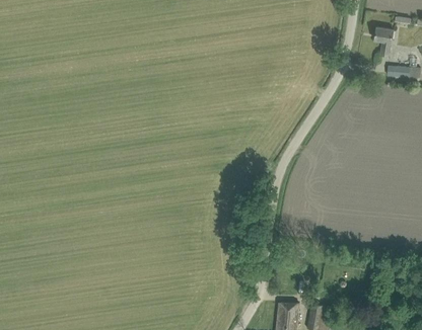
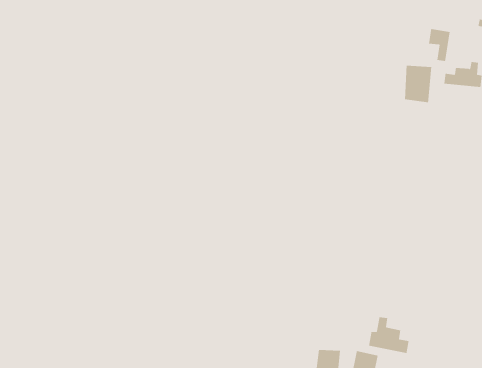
building: none -> [404,65,432,103]
building: none -> [368,316,409,354]

